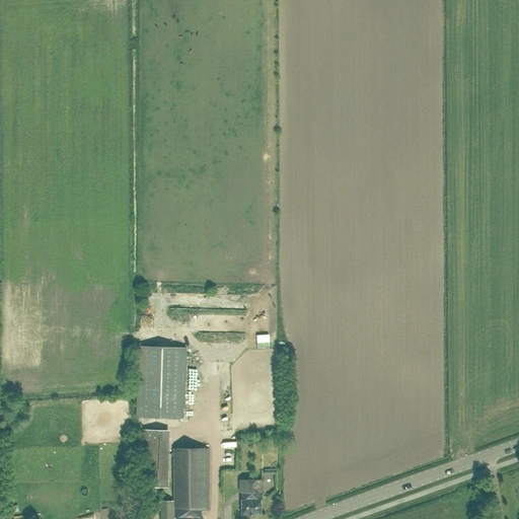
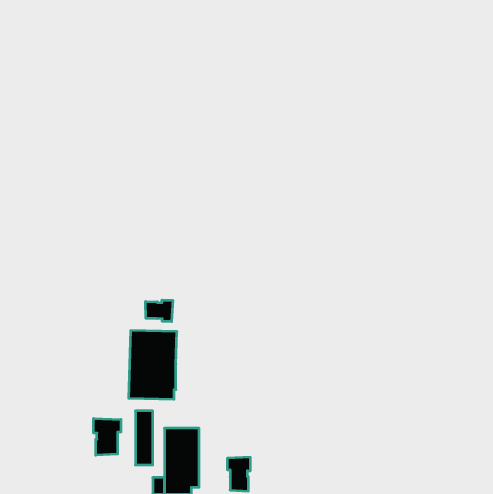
building: none -> [146,300,173,322]
building: none -> [94,418,121,455]

